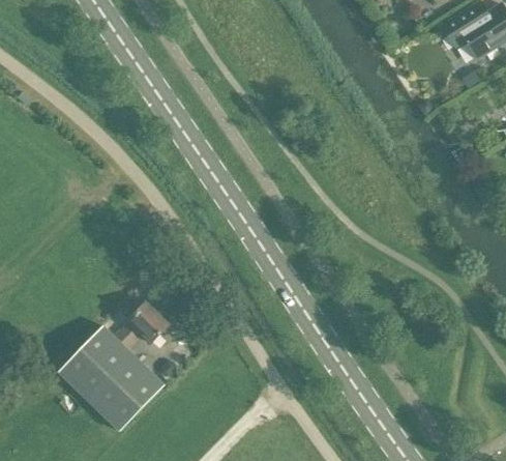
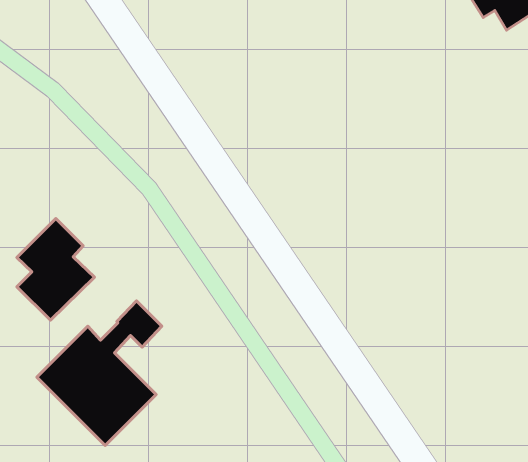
building: none -> [17,219,94,320]

